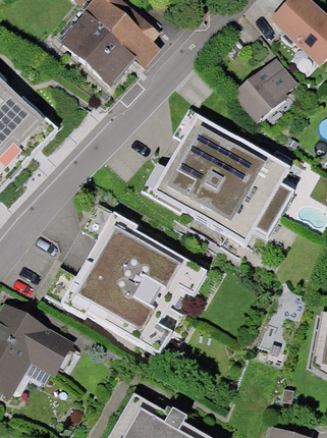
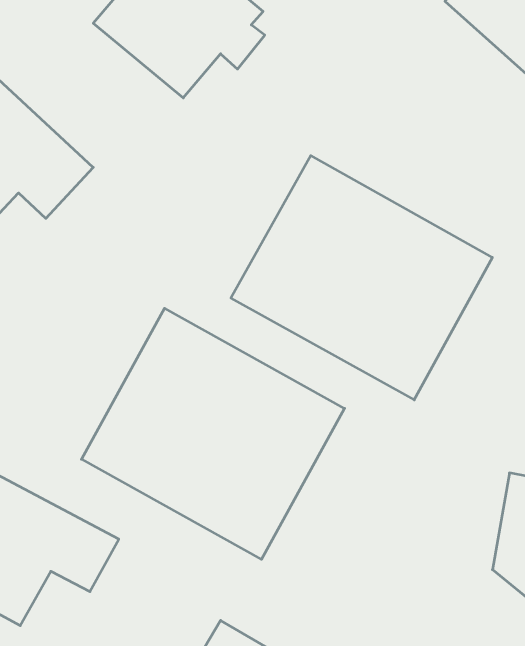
building: [228,56,299,124] -> none

